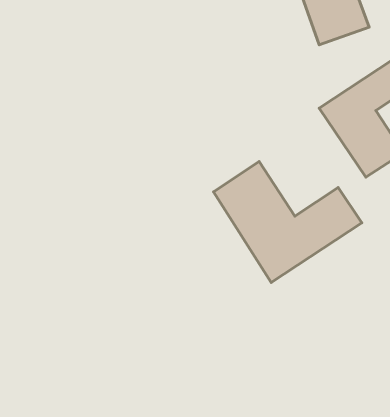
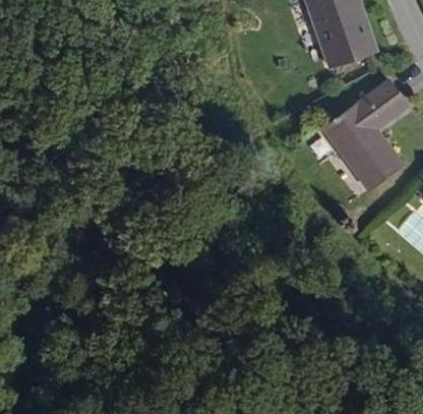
building: [213,161,362,283] -> none

